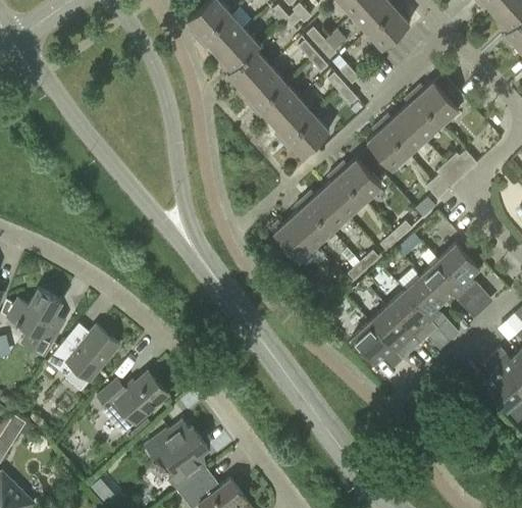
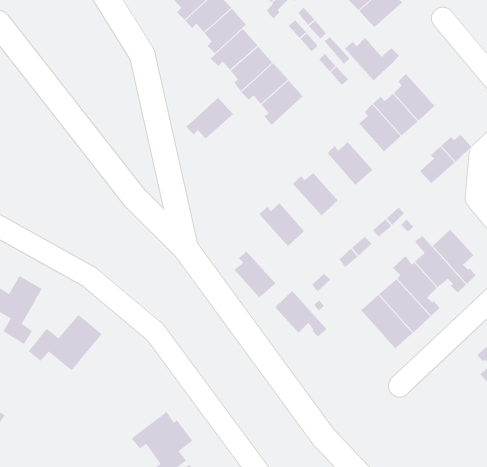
building: [414,82,468,124] -> [344,37,400,81]
building: [283,115,330,156] -> [185,97,234,139]
building: [324,170,365,216] -> none
building: [292,200,332,246] -> [234,251,276,298]
building: [353,322,404,368] -> [274,290,327,338]
building: [99,373,168,433] -> none

